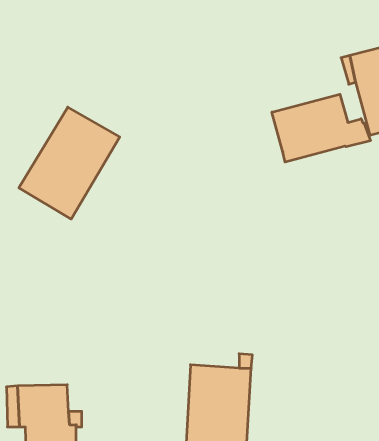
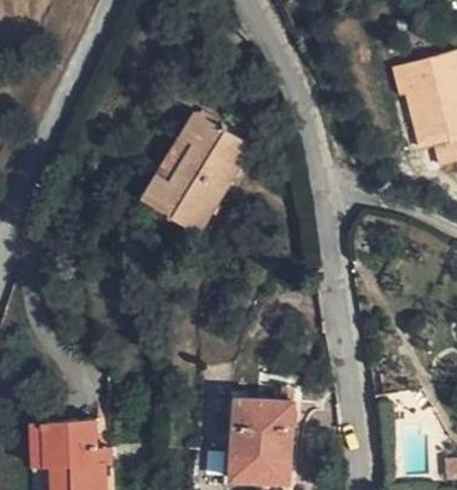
building: [272,94,370,162] -> none
building: [19,107,120,219] -> [143,113,252,234]

